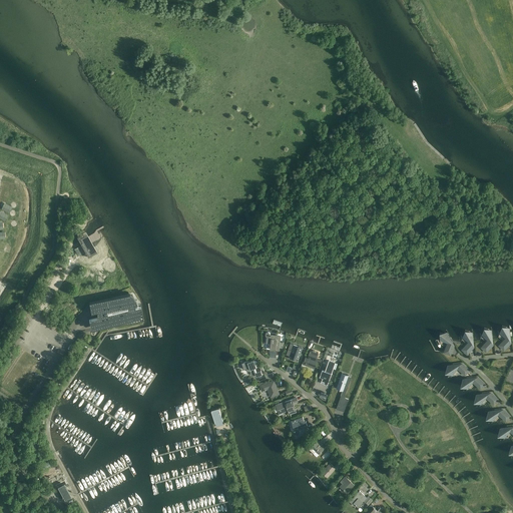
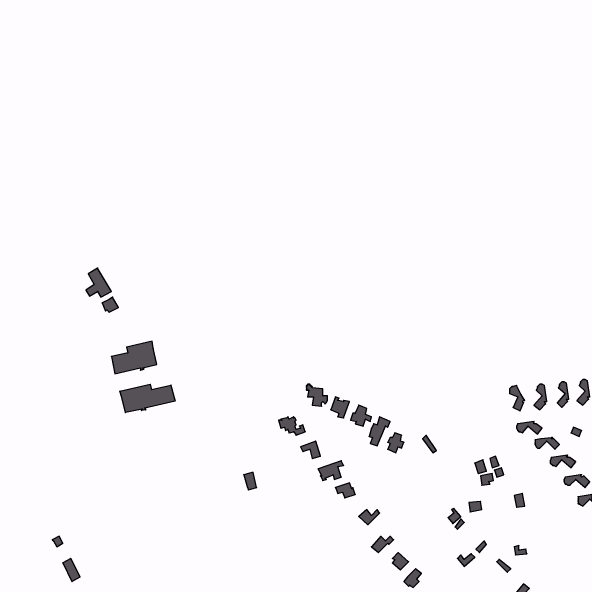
building: none -> [120,384,175,413]

